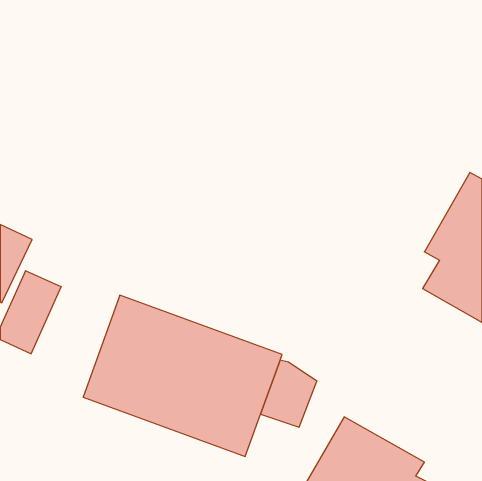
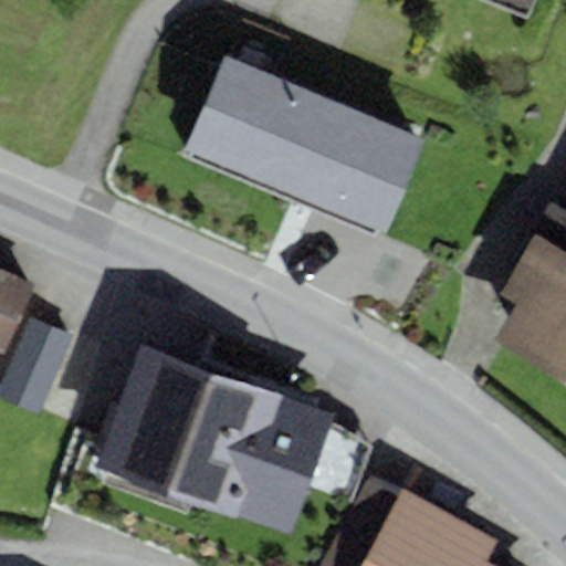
building: none -> [182,54,422,233]

